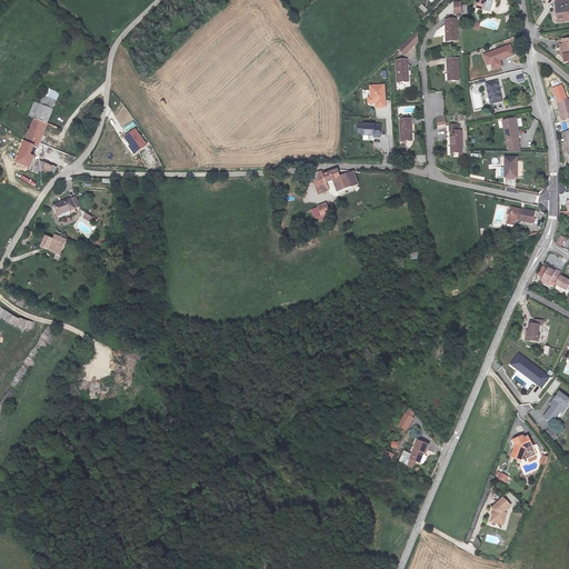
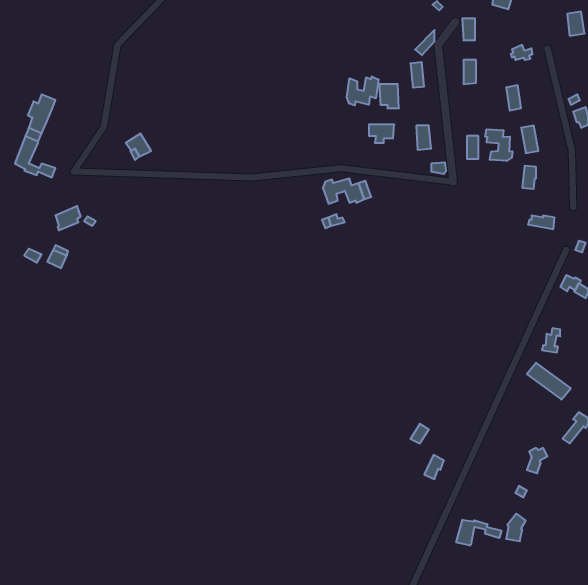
building: none -> [347,76,379,105]
building: none -> [485,129,513,161]
building: none -> [456,520,501,546]

